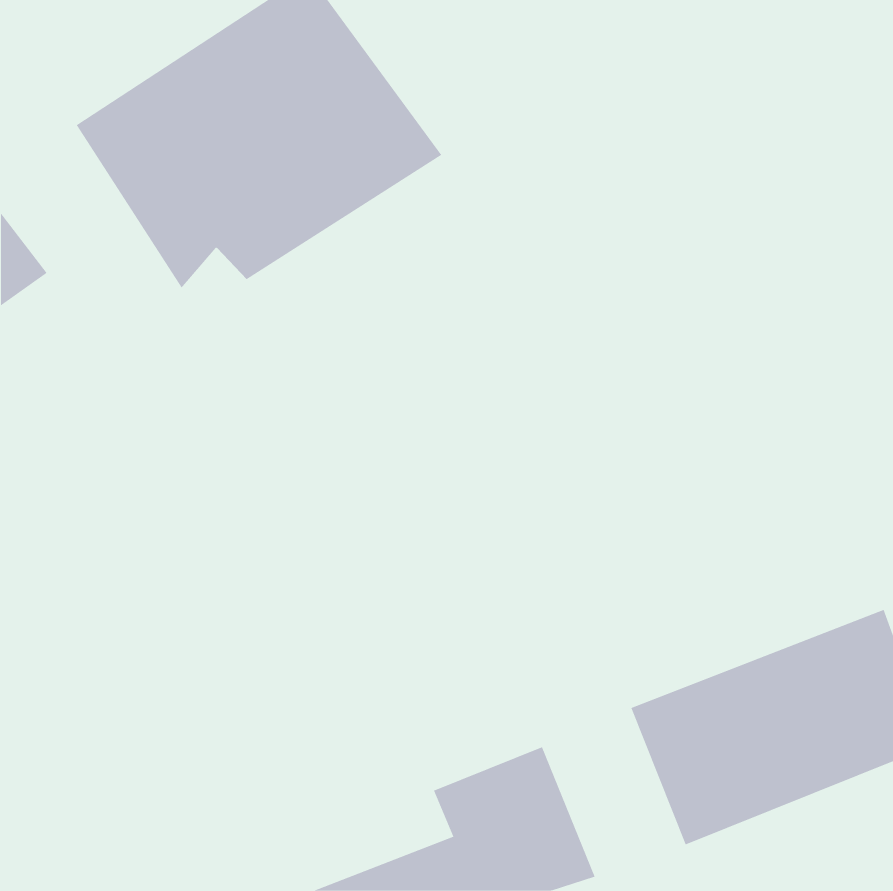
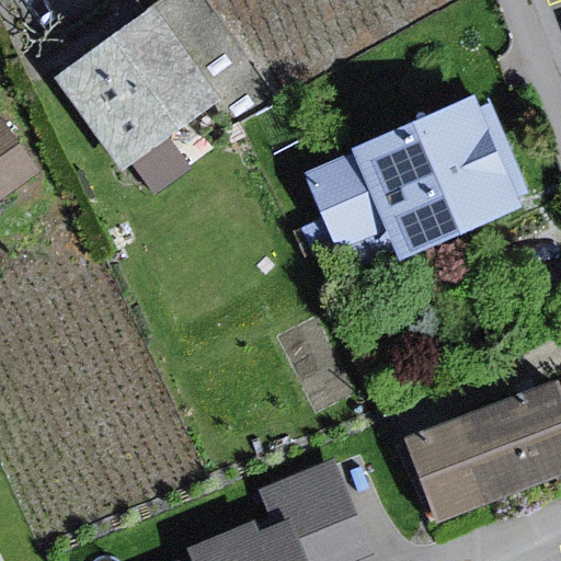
building: none -> [305,95,522,271]

